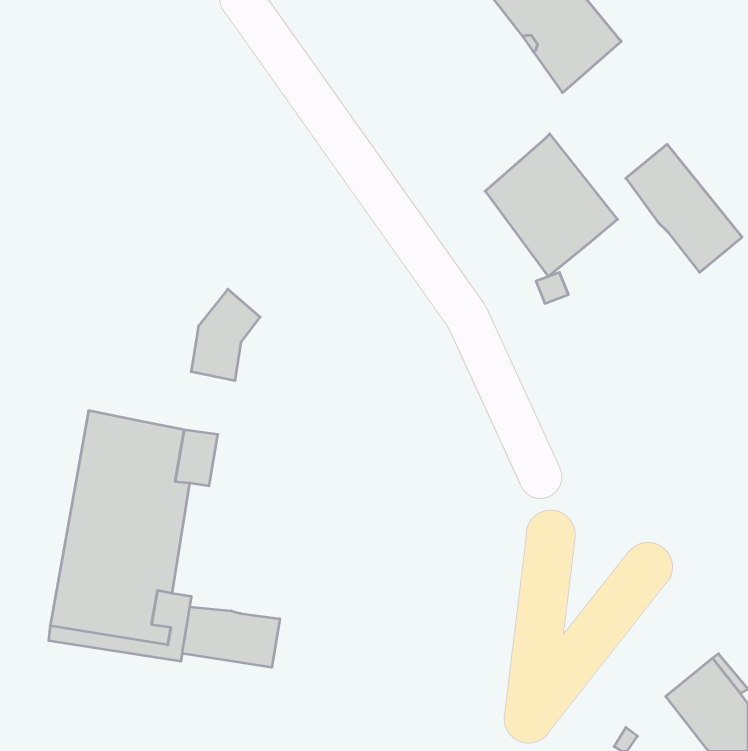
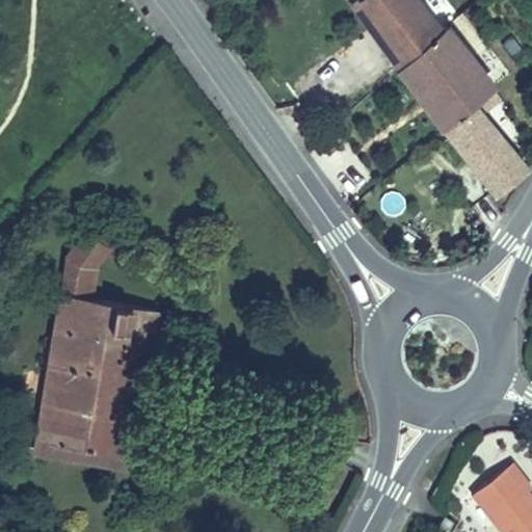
building: [485,134,618,277] -> [397,25,490,126]
building: [191,289,260,380] -> [63,232,112,296]
building: [182,607,280,667] -> none

